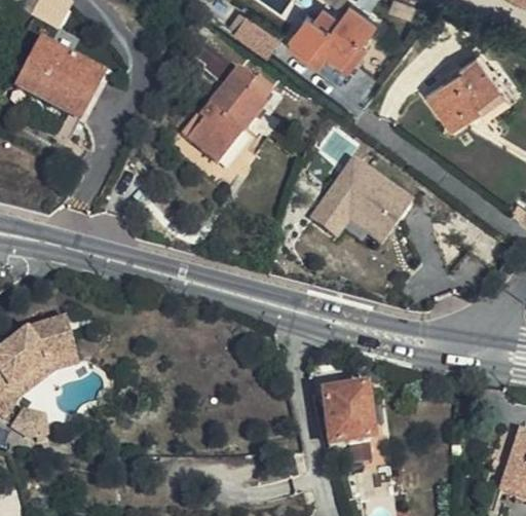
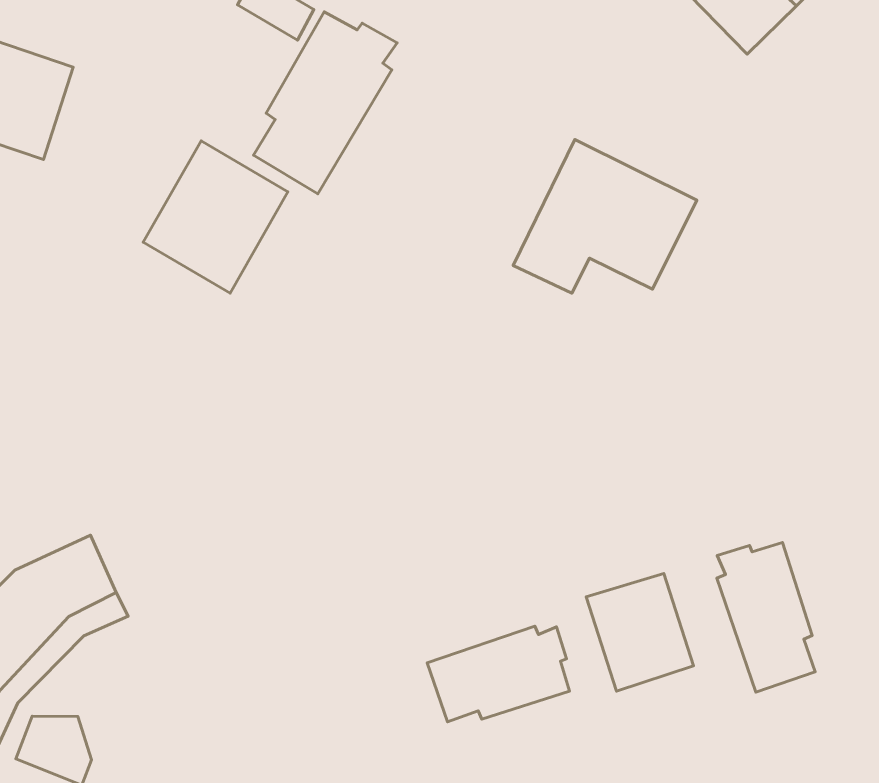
building: none -> [143,141,288,293]
building: none -> [717,543,815,692]
building: none -> [427,626,569,722]

